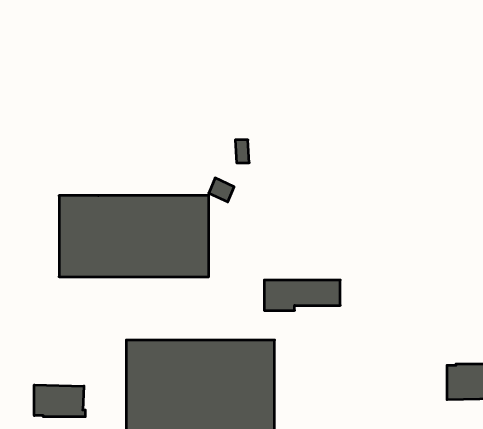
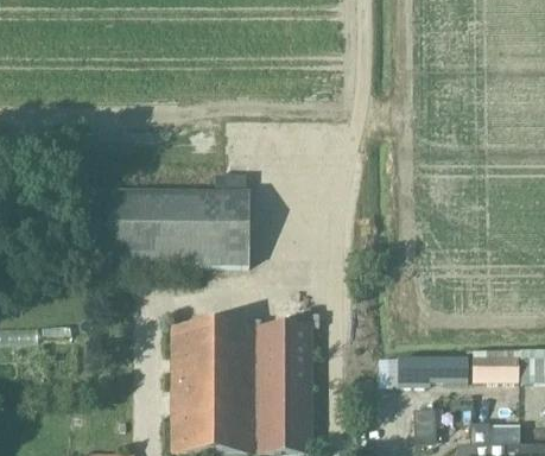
building: [264,280,340,310] -> [398,355,469,384]
building: [34,385,85,417] -> none

